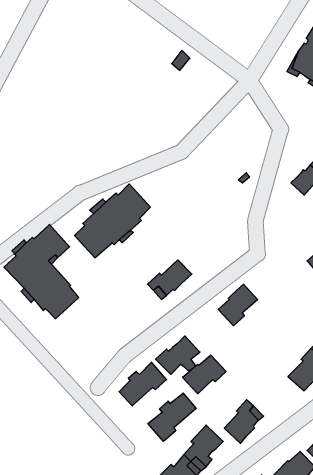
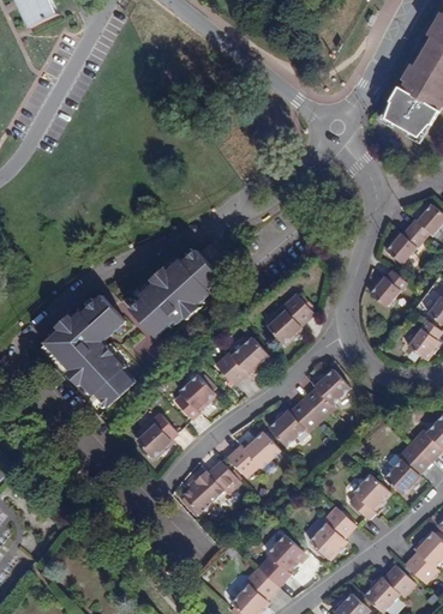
building: none -> [370,269,406,303]
building: none -> [268,295,312,344]
building: none -> [176,377,215,421]
building: none -> [136,415,175,458]
building: [183,355,226,394] -> [267,398,318,444]
building: none -> [348,474,388,518]
building: [148,393,196,441] -> none

